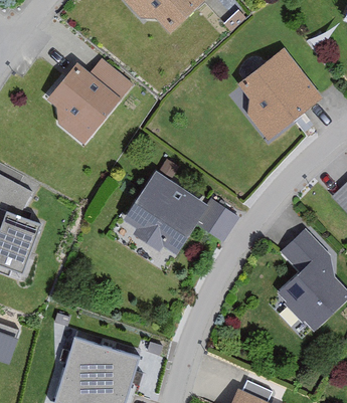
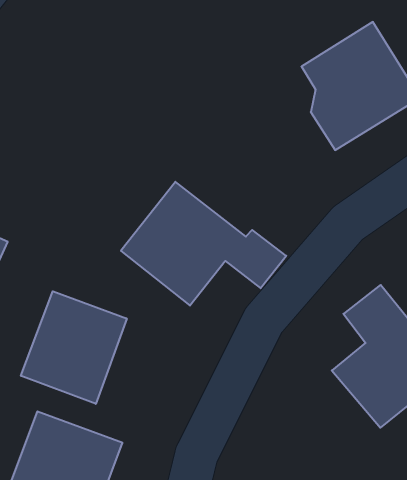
building: [47,59,133,144] -> none
building: none -> [21,291,127,404]

